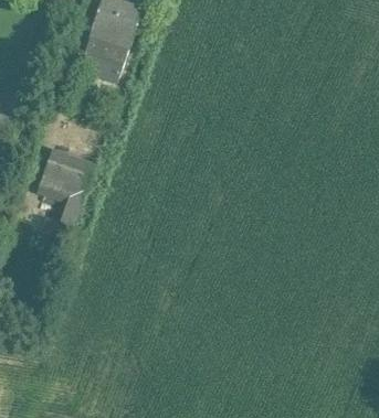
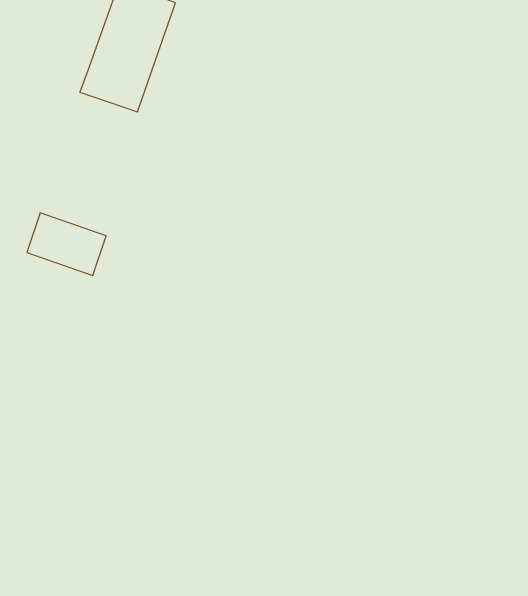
building: [35,174,86,228] -> none

